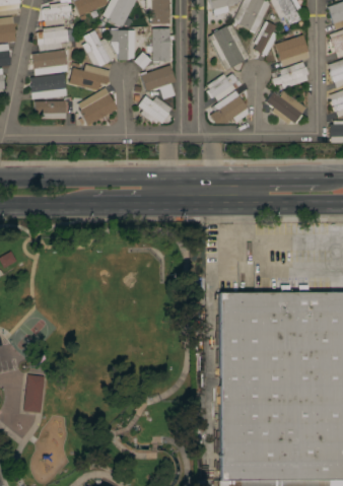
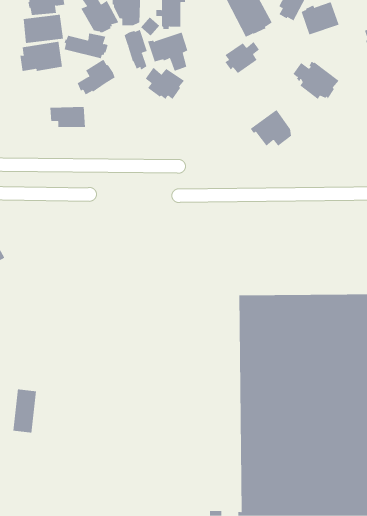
building: [272,62,308,89] -> none
building: none -> [124,29,147,70]
building: [212,90,249,123] -> [250,109,292,146]
building: [35,100,66,119] -> [49,106,86,127]

